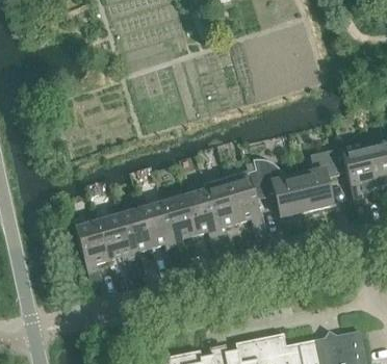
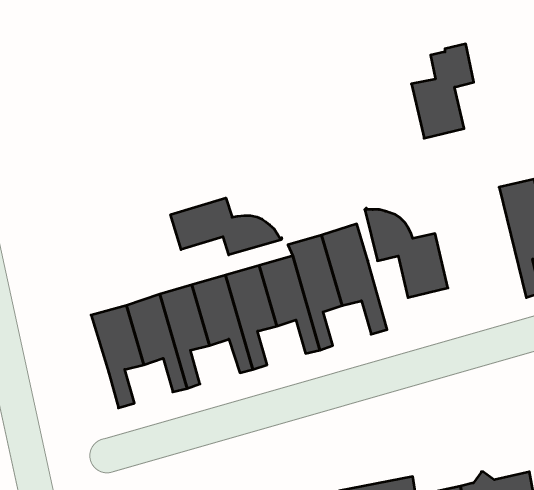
building: [299,150,339,211] -> [411,44,474,138]
building: none -> [171,198,282,255]

